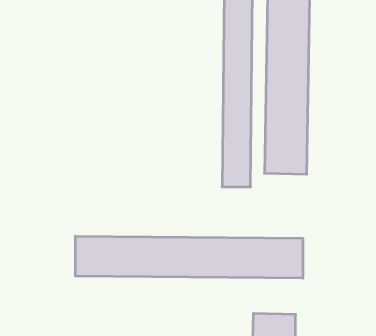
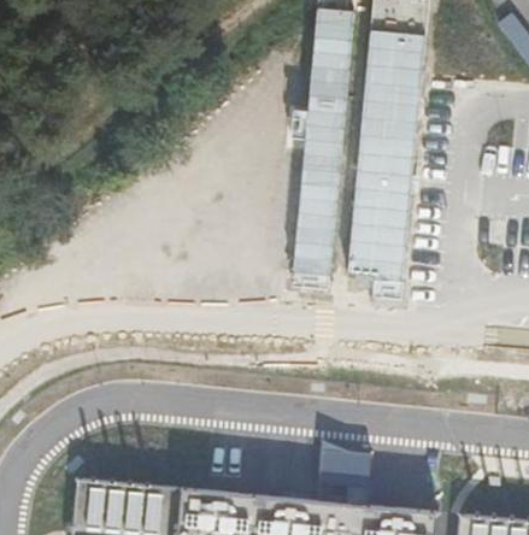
building: [75,236,303,278] -> none

